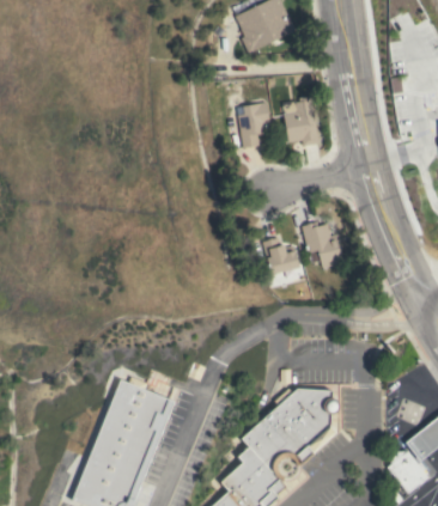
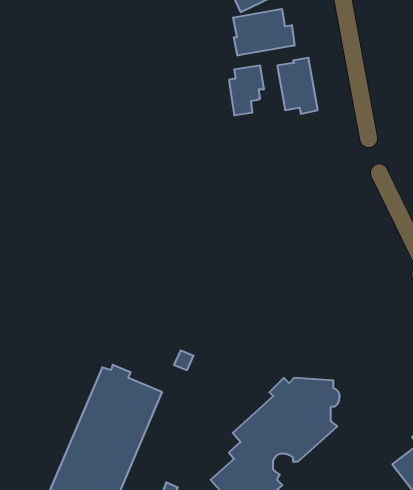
building: none -> [233,9,295,56]
building: [302,221,342,267] -> none
building: [262,237,299,275] -> none

